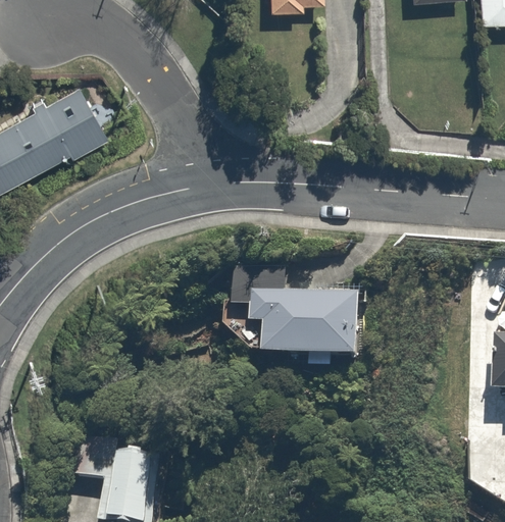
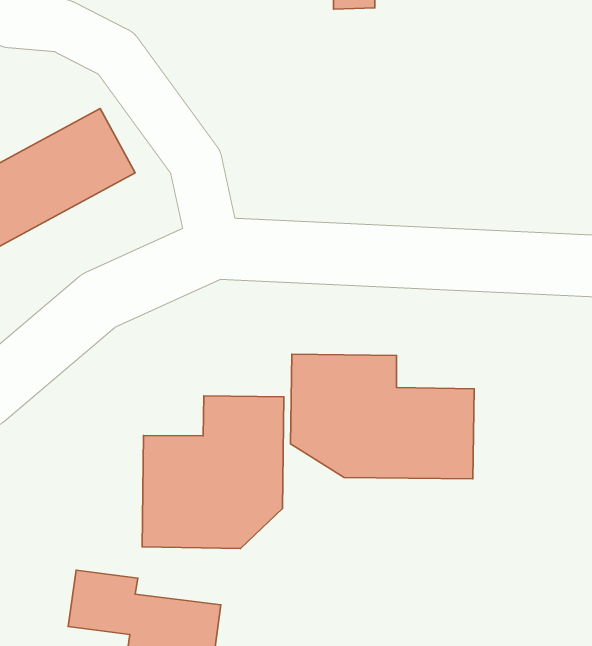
building: none -> [142,396,284,549]

